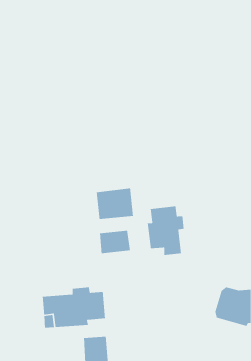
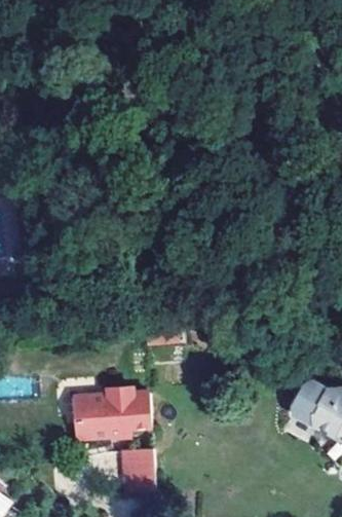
building: [96,187,134,220] -> none
building: [147,206,185,256] -> none

